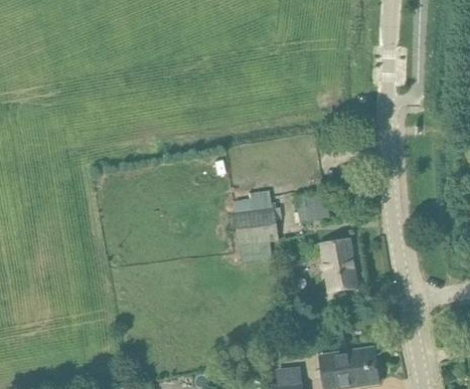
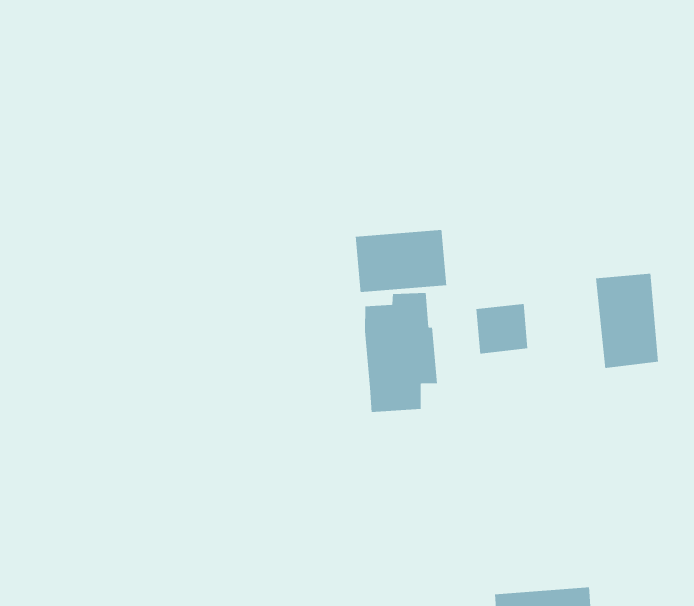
building: none -> [355,229,447,293]
building: [318,238,357,294] -> [595,273,659,369]

